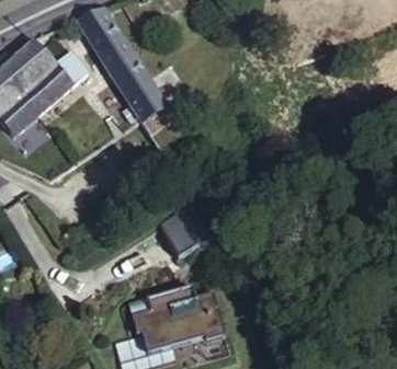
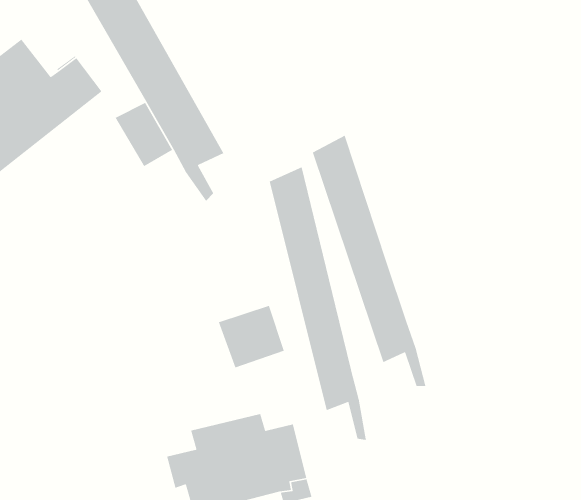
building: none -> [312,135,426,387]
building: none -> [269,166,367,441]

